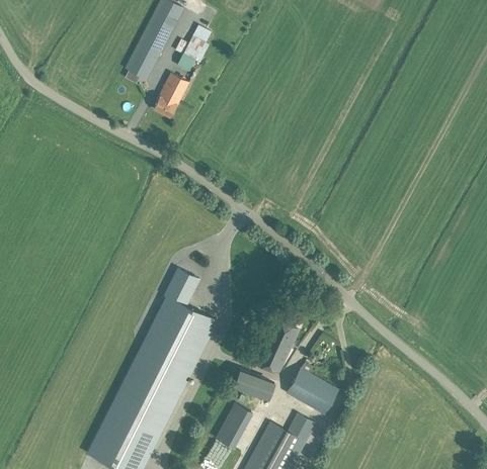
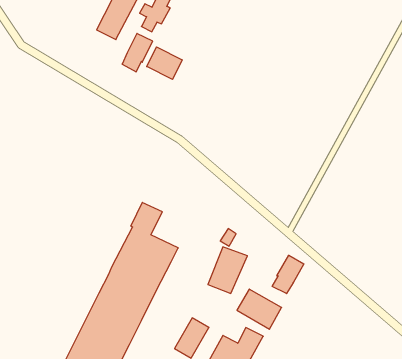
building: none -> [147,47,182,79]
building: none -> [272,255,304,294]
building: [233,372,275,403] -> none

